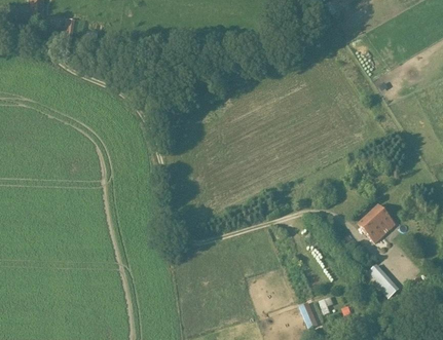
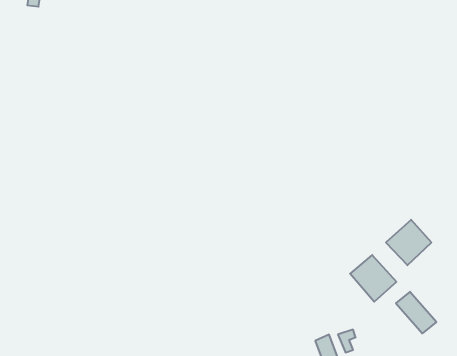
building: none -> [350,255,396,302]

